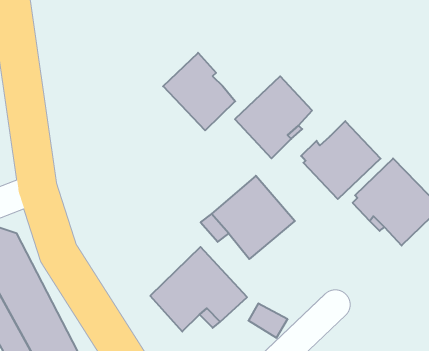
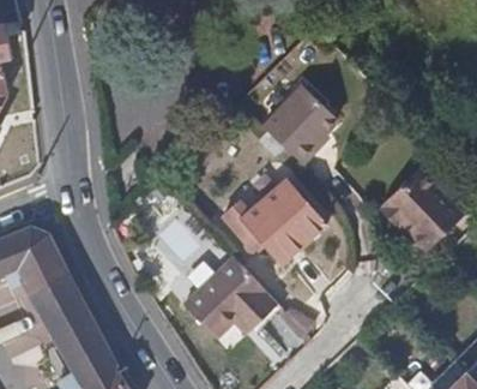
building: [163,53,235,130] -> none
building: [301,121,381,199] -> none

